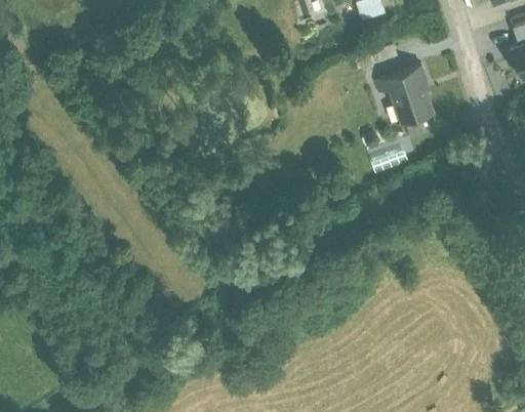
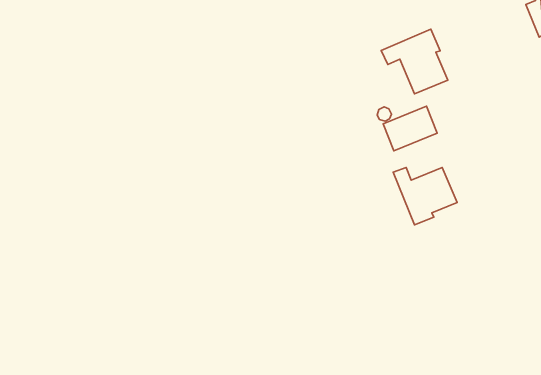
building: none -> [393,167,457,225]

